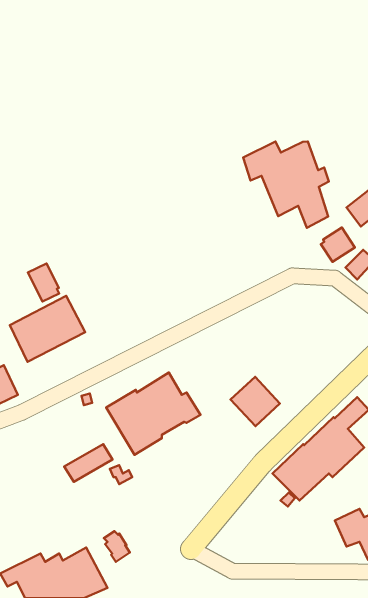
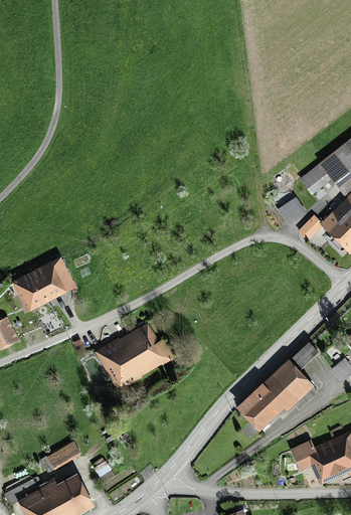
building: [243,142,329,228] -> none
building: [28,263,59,301] -> none
building: [231,377,280,426] -> none
building: [64,444,113,482] -> [39,440,80,472]

